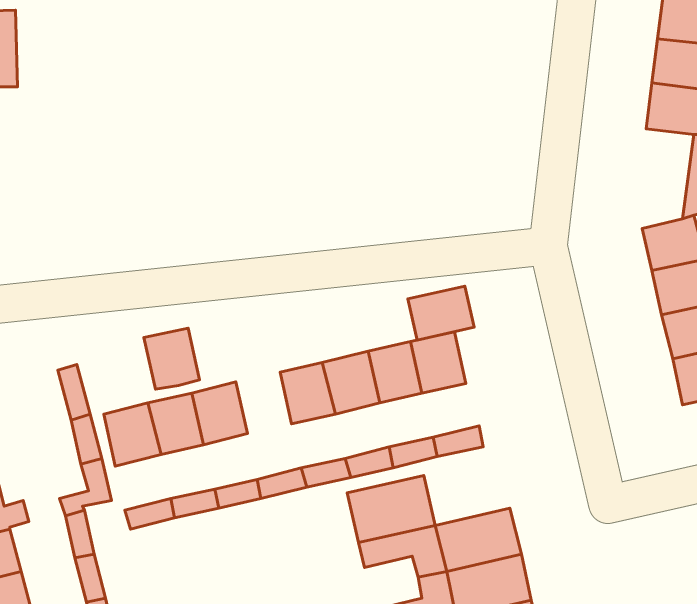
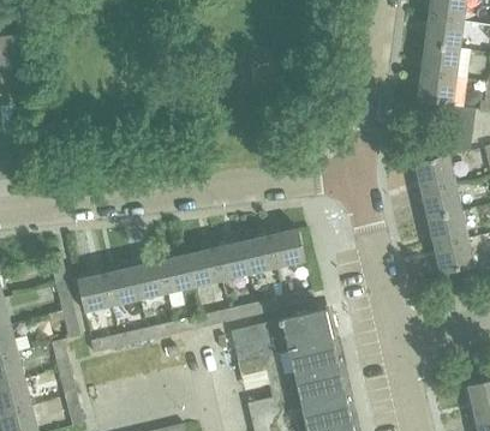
building: [408,286,474,340] -> none
building: [144,328,200,389] -> [160,255,195,293]
building: none -> [277,309,331,351]

